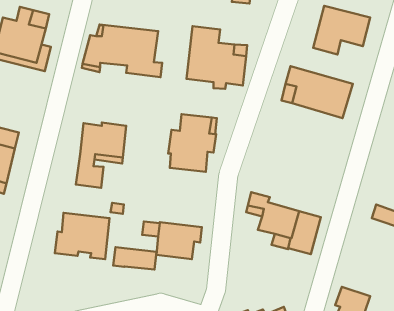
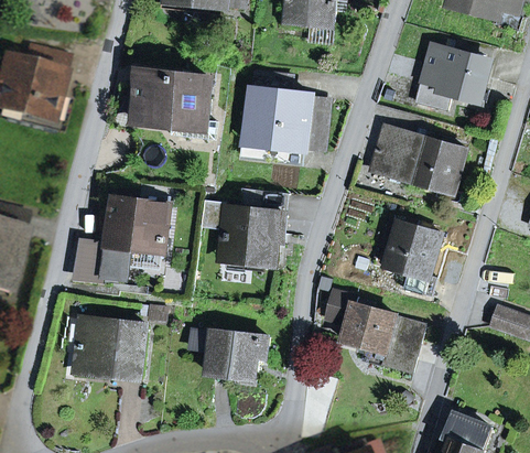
building: none -> [383,218,440,295]
building: none -> [71,237,107,280]
building: [113,247,157,270] -> none

